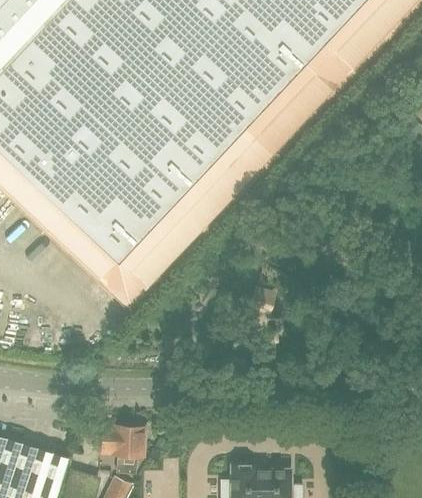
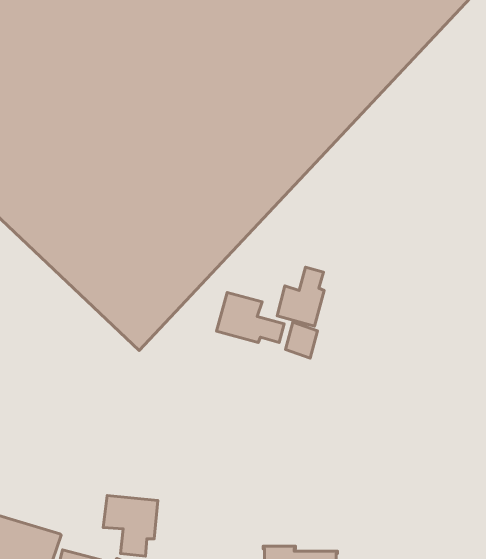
building: none -> [277,267,324,326]
building: none -> [217,293,284,343]

